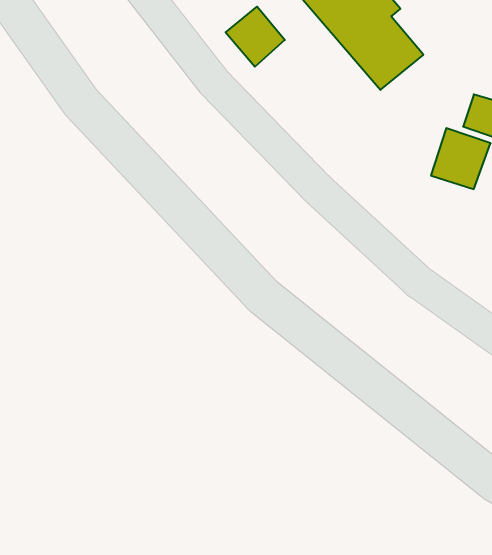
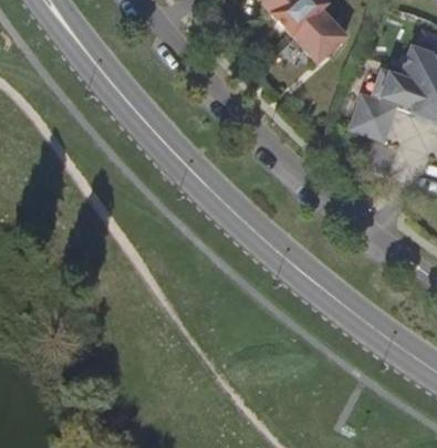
building: [226,7,285,67] -> none

